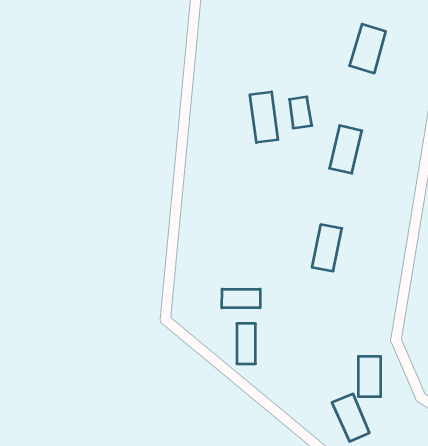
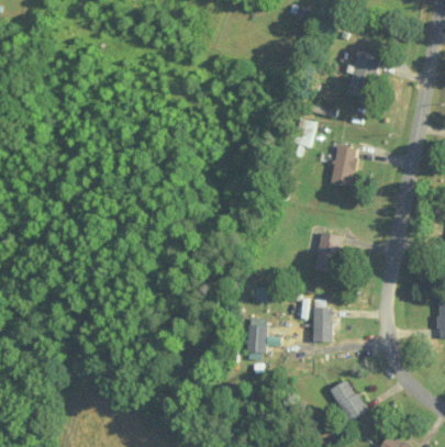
building: [250,92,278,143] -> none
building: [222,289,260,308] -> none
building: [358,356,381,397] -> [312,306,332,342]

